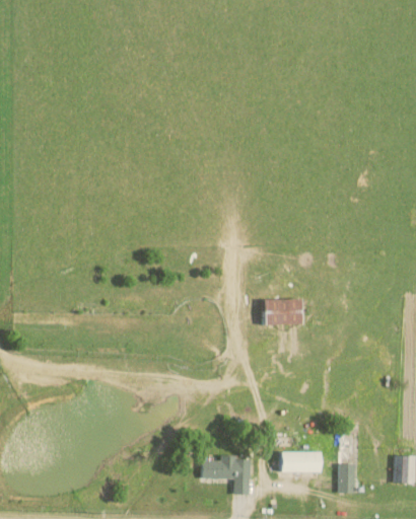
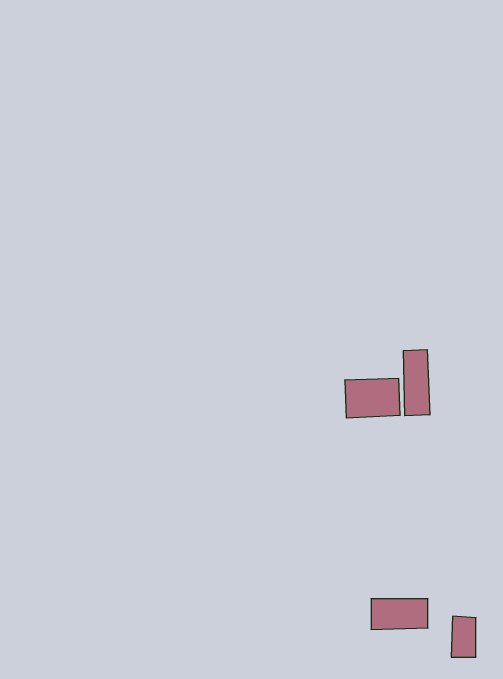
building: none -> [403,350,430,416]
building: [202,456,250,494] -> none

